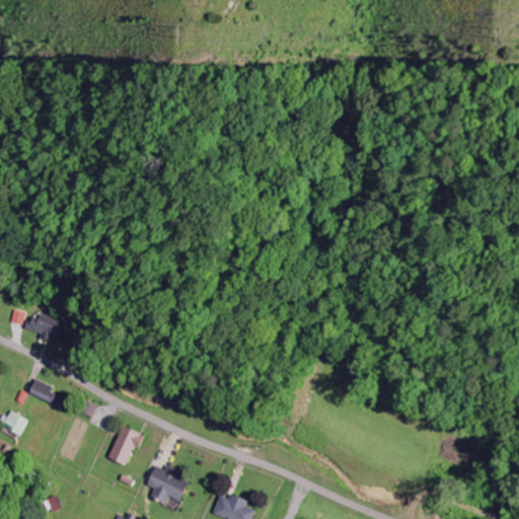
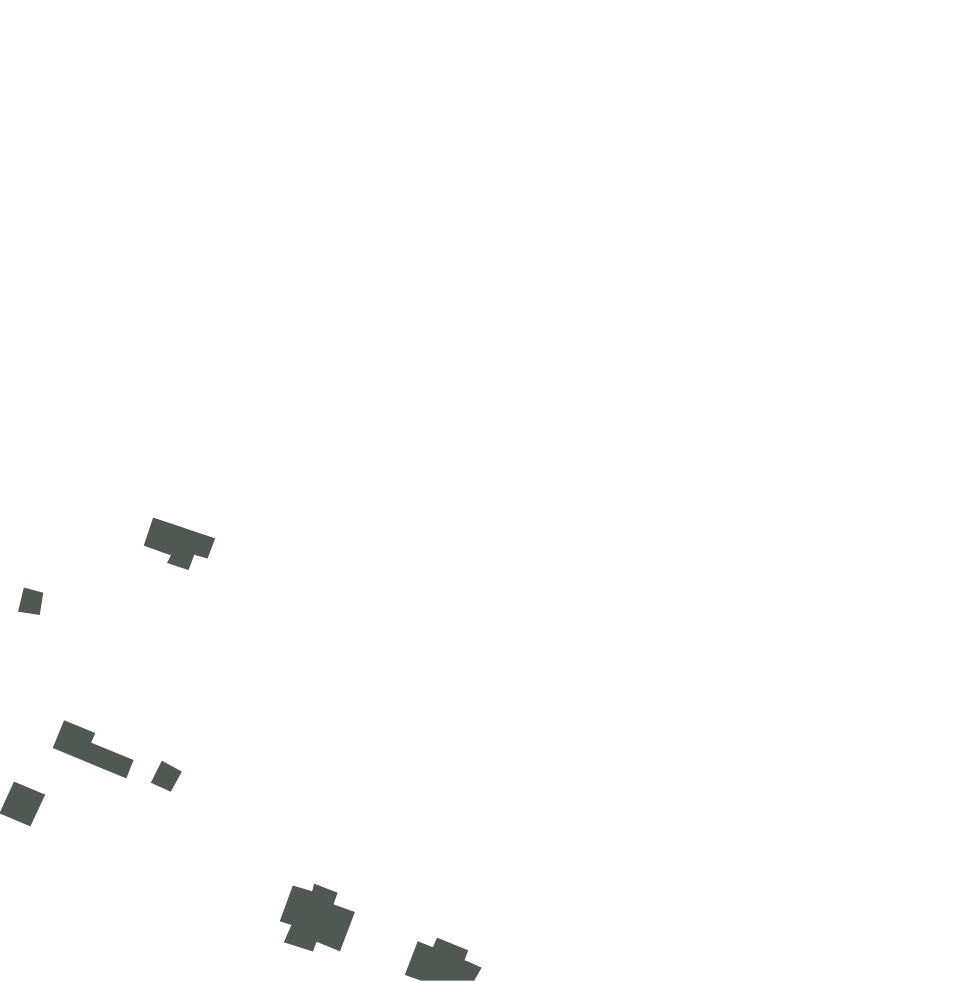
building: [26,313,65,342] -> [143,517,216,571]
building: [108,426,143,465] -> none

